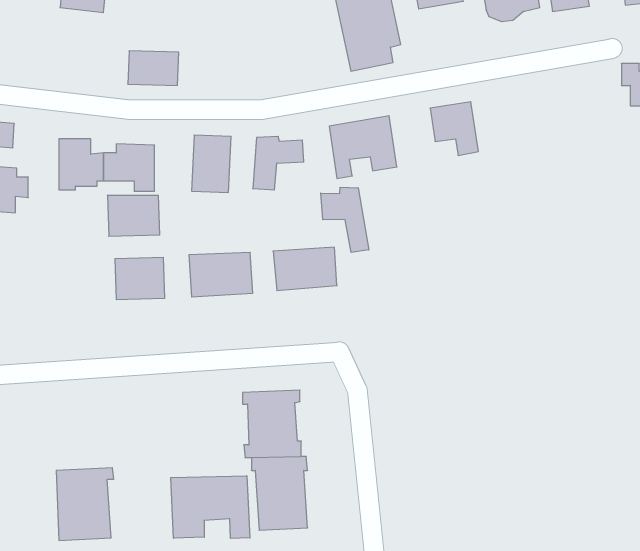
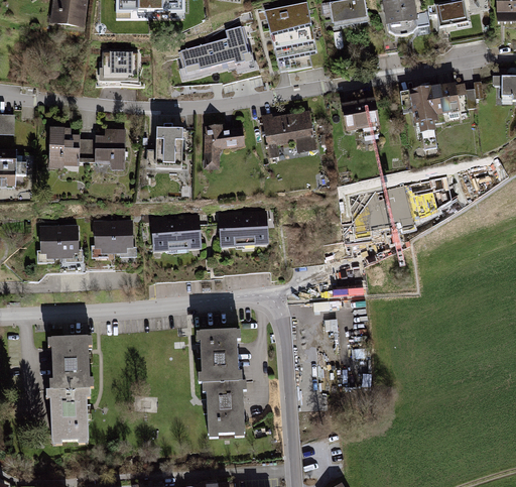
building: none -> [181,27,248,73]
building: none -> [407,83,476,140]
building: [321,187,369,252] -> none
building: [107,195,160,236] -> [37,227,79,259]
building: none -> [45,335,94,390]
building: [171,476,250,538] -> none

